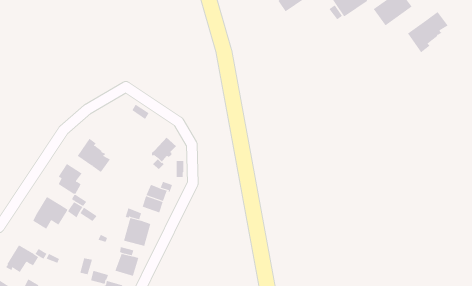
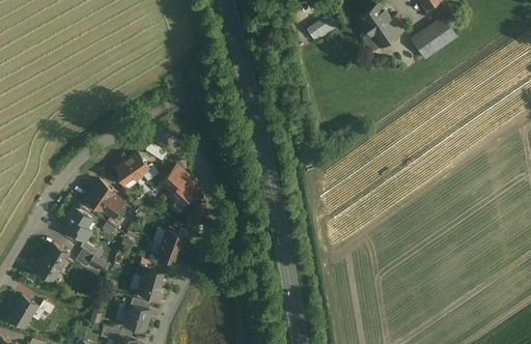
building: [407,11,448,53] -> none
building: none -> [115,153,148,191]
building: none -> [157,166,187,194]

